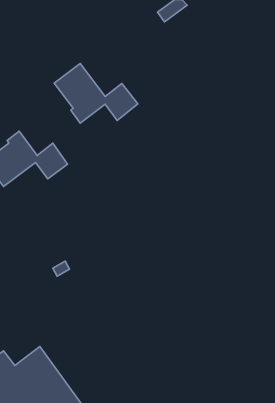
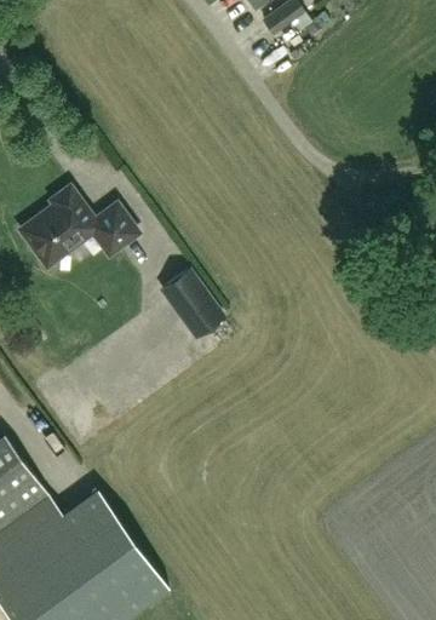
building: [54,63,138,123] -> none
building: none -> [161,269,222,337]

